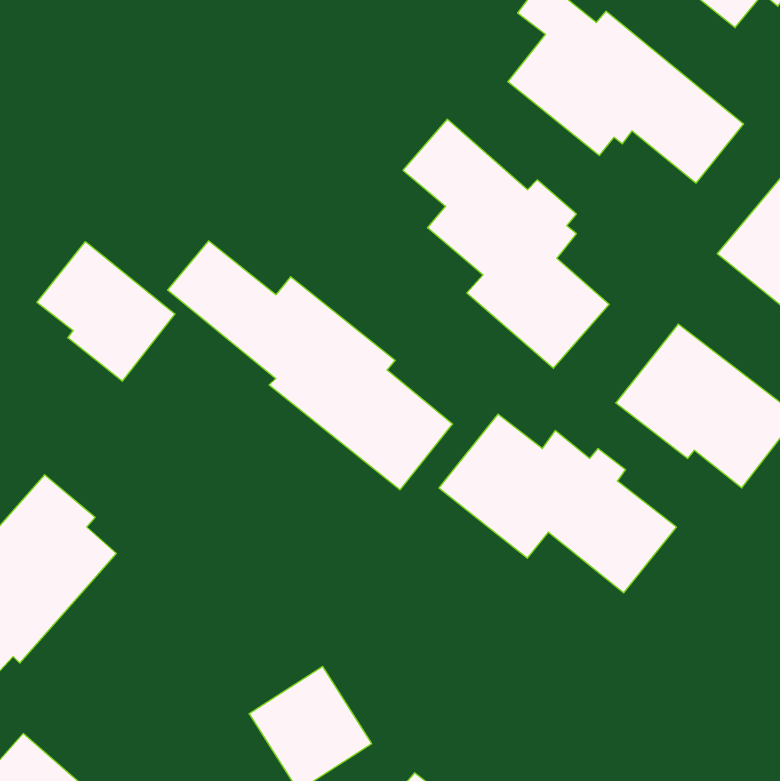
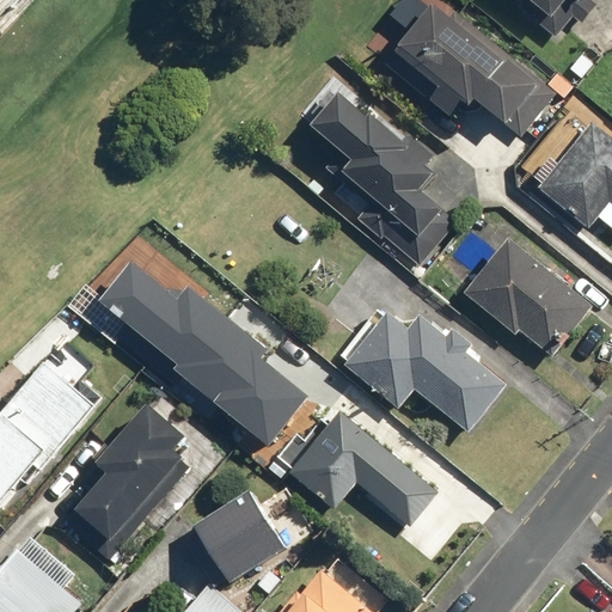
building: [168,241,453,490] -> [98,261,306,442]
building: [37,242,175,381] -> none
building: none -> [62,406,191,562]
building: none -> [287,411,436,524]

